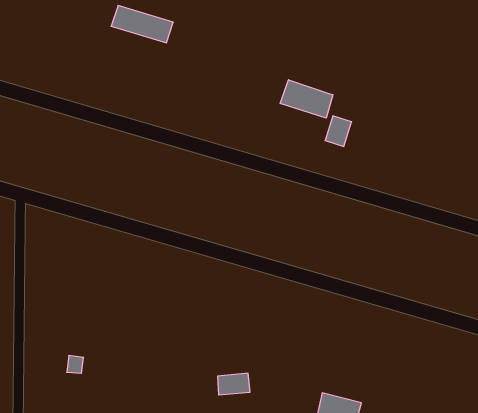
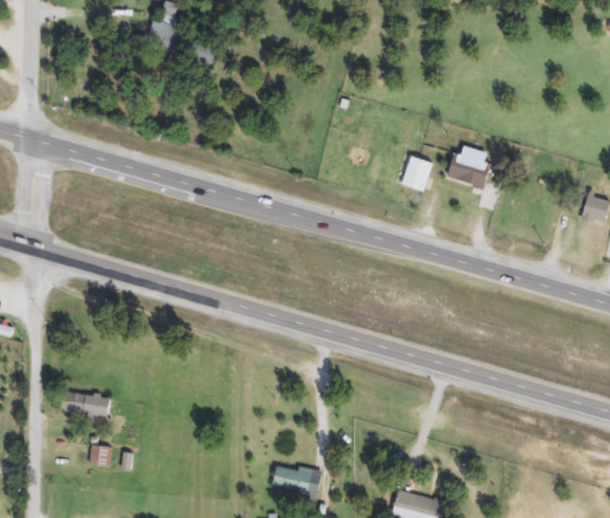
building: [280,80,333,118] -> none
building: none -> [447,145,493,187]
building: none -> [57,388,111,418]

